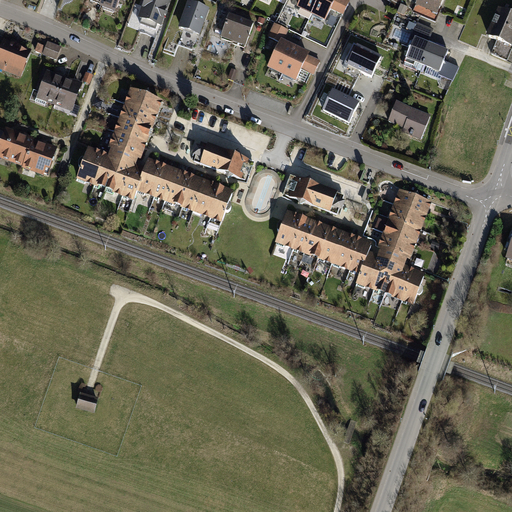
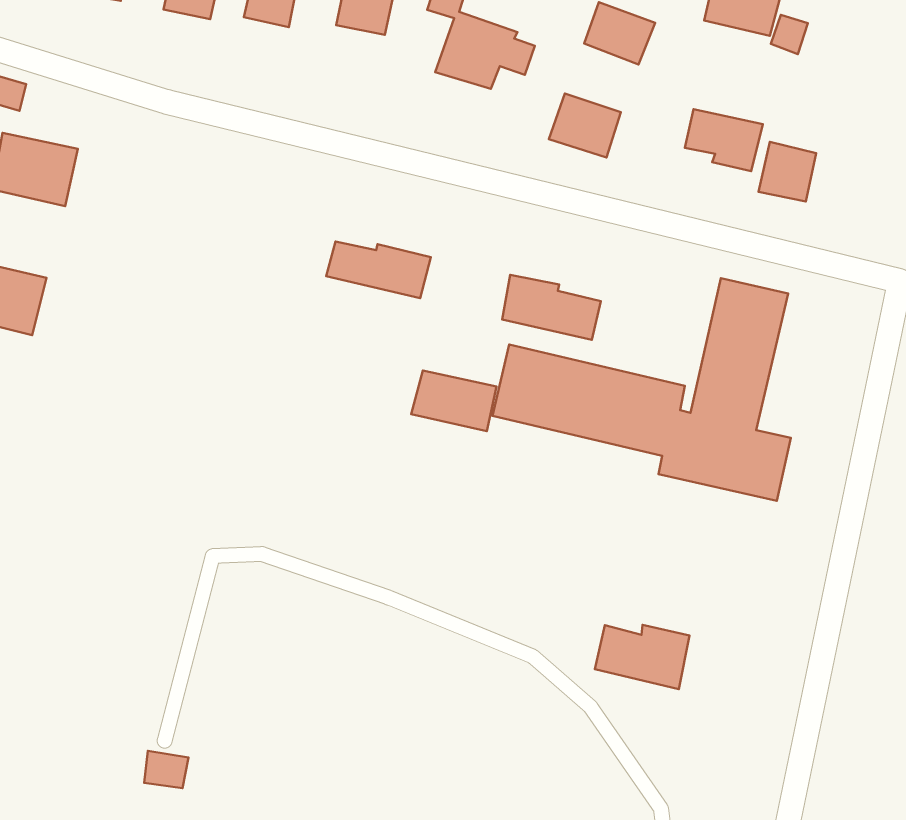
building: [74,88,233,223] -> none
building: none -> [758,142,816,202]
building: none -> [411,371,496,431]
building: none -> [595,625,690,689]

